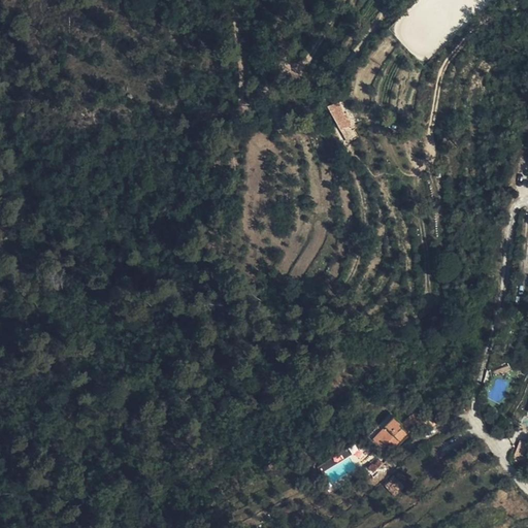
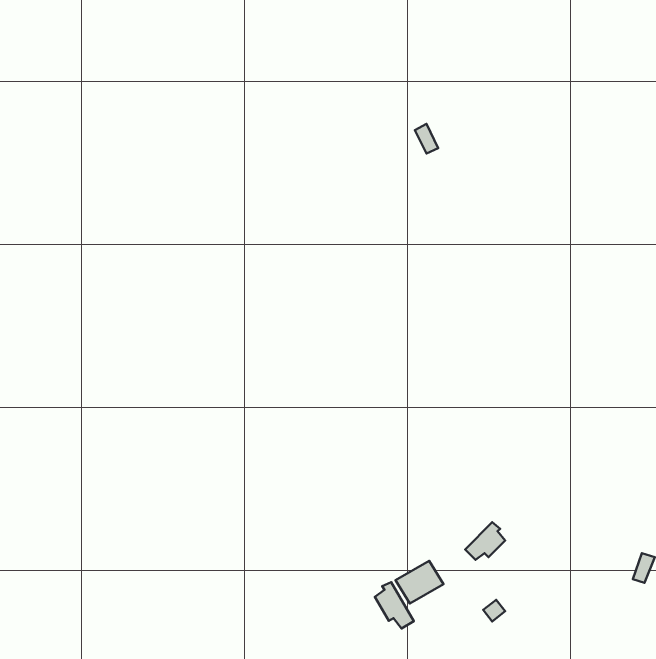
building: none -> [375,582,414,628]

